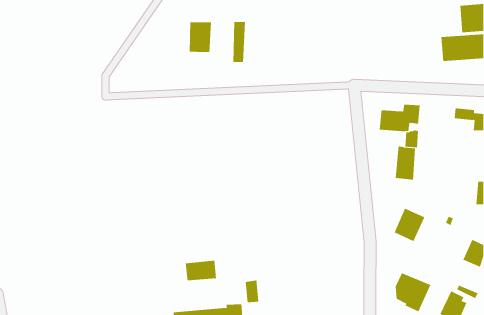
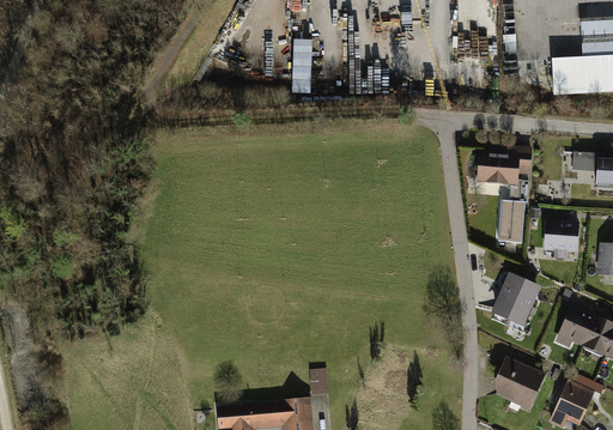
building: [189,21,211,53] -> none
building: none -> [545,223,578,250]
building: none -> [560,308,595,344]
building: [185,260,217,281] -> none

